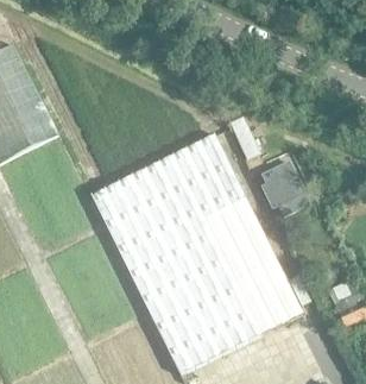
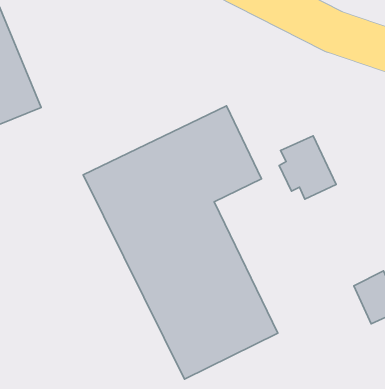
building: [207,199,304,334] -> none

